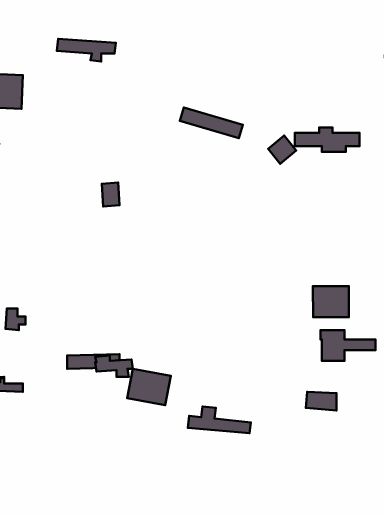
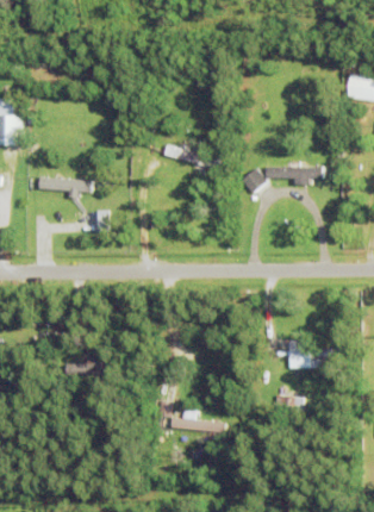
building: [57,39,116,62] -> [39,177,92,198]
building: [313,286,349,317] -> none
building: [127,369,171,405] -> none

